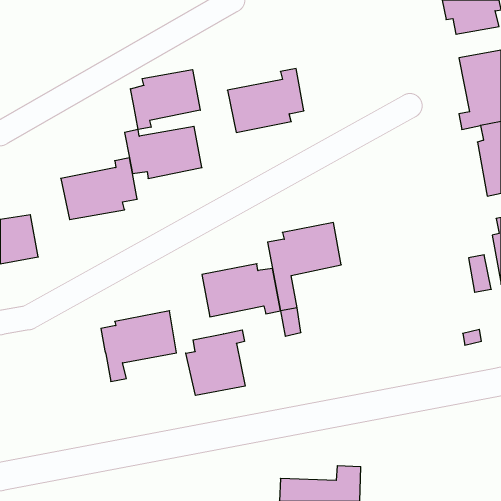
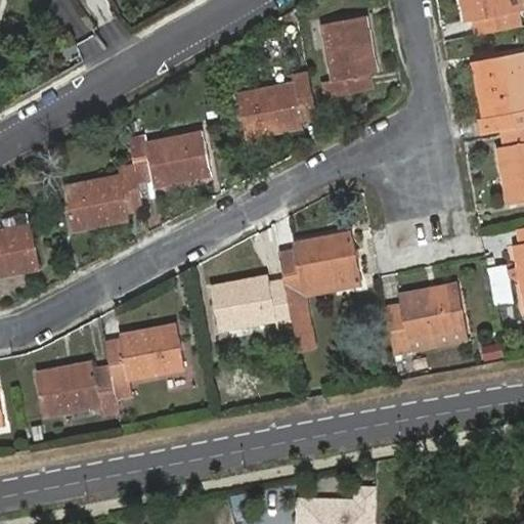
building: none -> [322,16,377,98]
building: [130,70,200,129] -> none
building: none -> [385,285,462,355]
building: [186,330,245,395] -> none
building: none -> [36,361,118,417]

